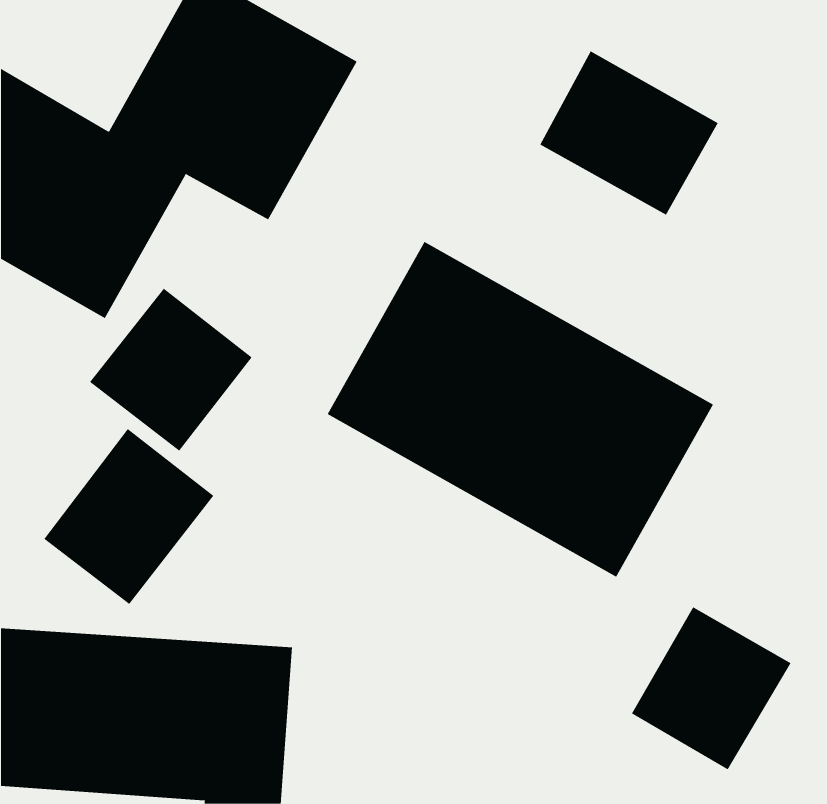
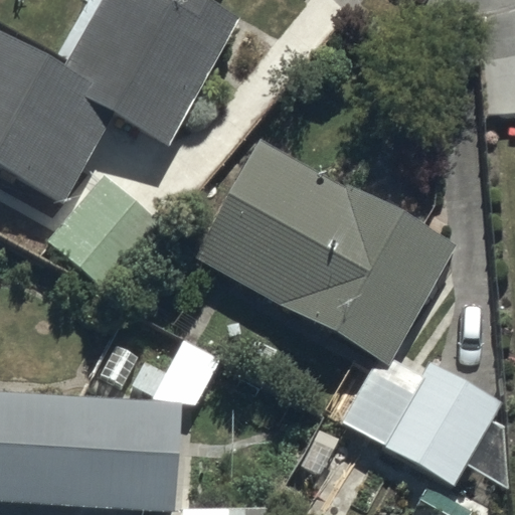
building: [539,50,719,216] -> none
building: [43,428,214,605] -> none

